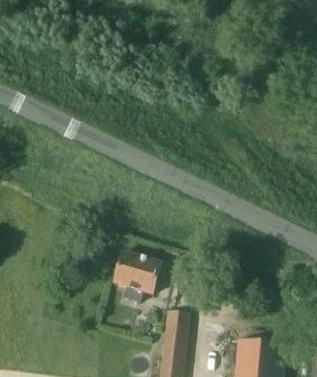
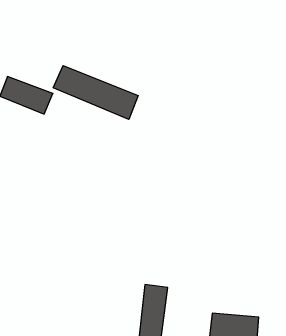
building: none -> [53,66,138,119]
building: [113,251,161,303] -> none

